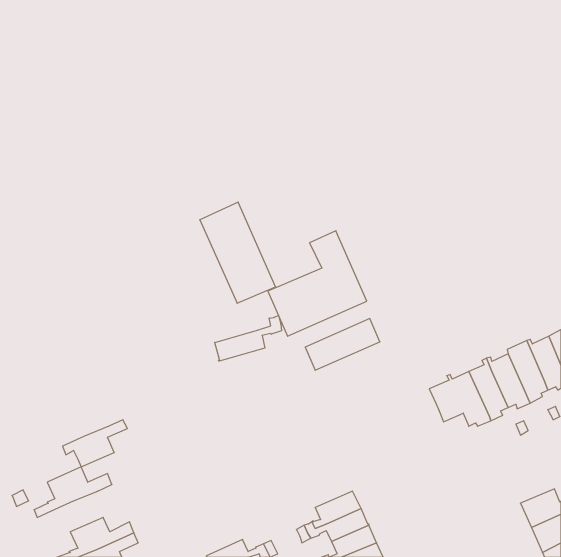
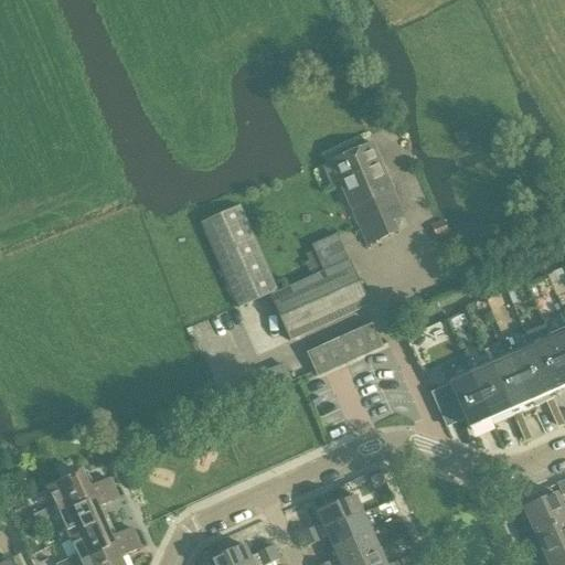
building: none -> [335,141,407,242]
building: [215,315,282,361] -> none
building: [63,420,127,467] -> [52,487,117,534]

